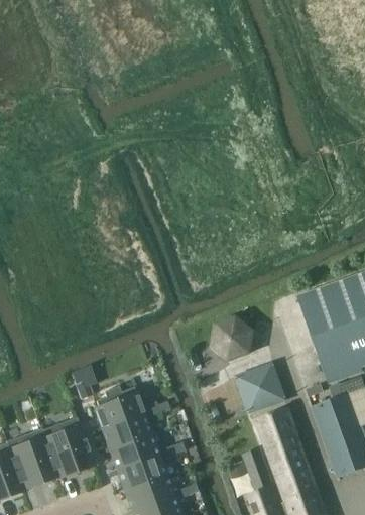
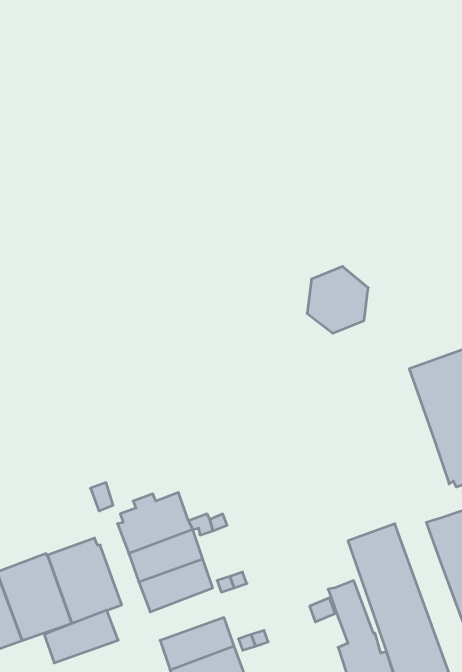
building: [210,315,253,363] -> [307,266,368,333]
building: [234,363,286,416] -> none
building: [115,454,167,491] -> [44,610,118,663]

